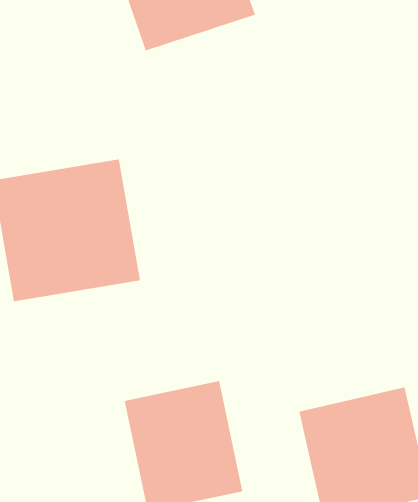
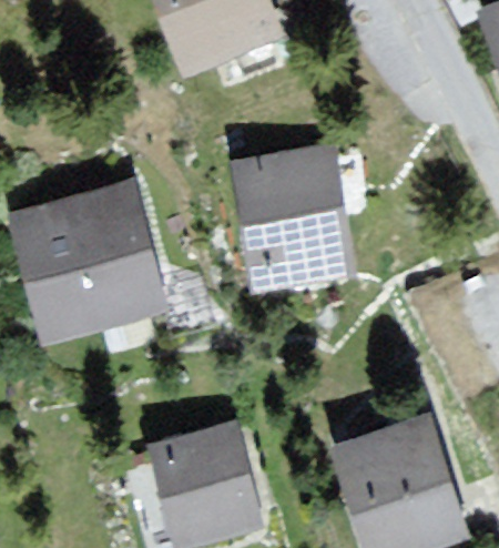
building: none -> [230,153,349,286]

